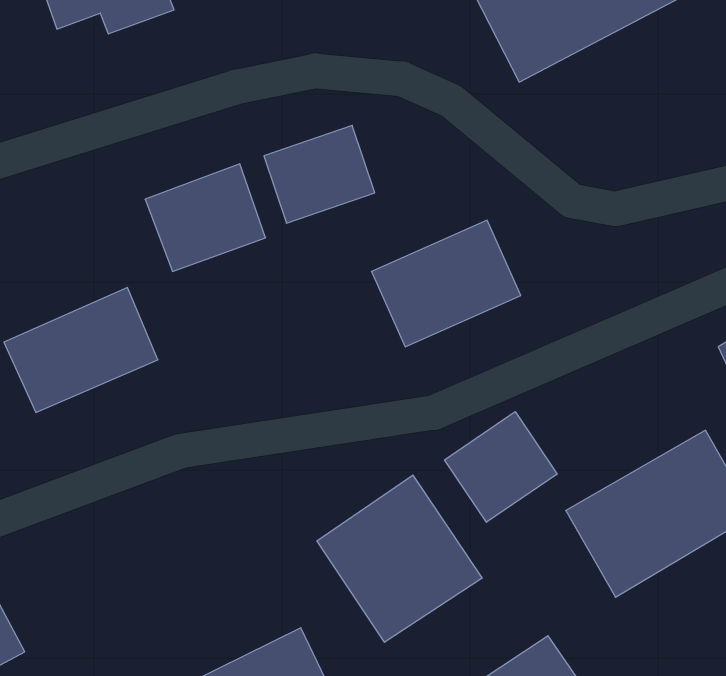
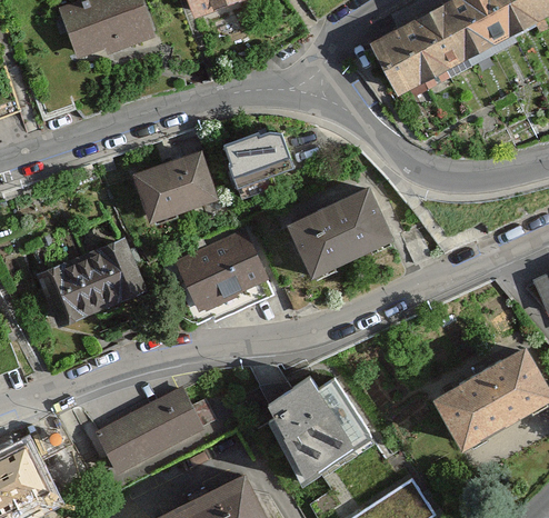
building: none -> [176,231,275,326]
building: [445,412,557,522] -> none
building: none -> [96,389,208,475]

